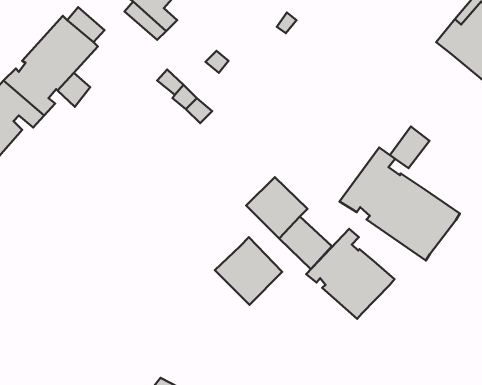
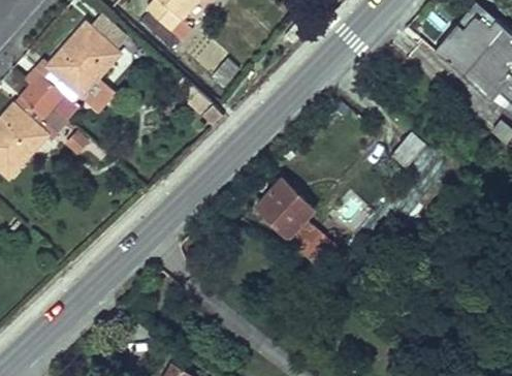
building: [340,148,460,261] -> none
building: [306,229,395,319] -> none
building: [215,237,282,305] -> none

